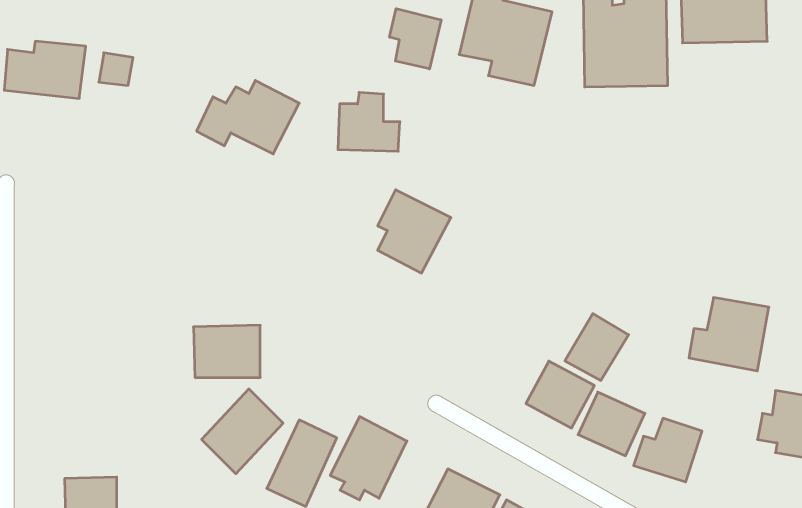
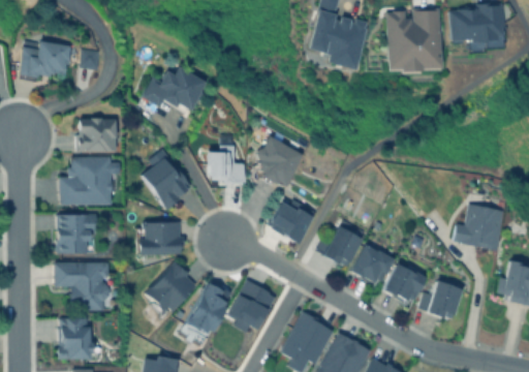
building: [390,9,441,69] -> none
building: [338,92,400,151] -> [208,145,247,182]
building: none -> [79,118,118,152]
building: none -> [143,148,194,208]
building: none -> [60,157,115,205]
building: none -> [269,202,313,243]
building: [565,314,629,380] -> [323,225,364,268]
building: none -> [57,214,98,253]
building: none -> [56,261,111,310]

